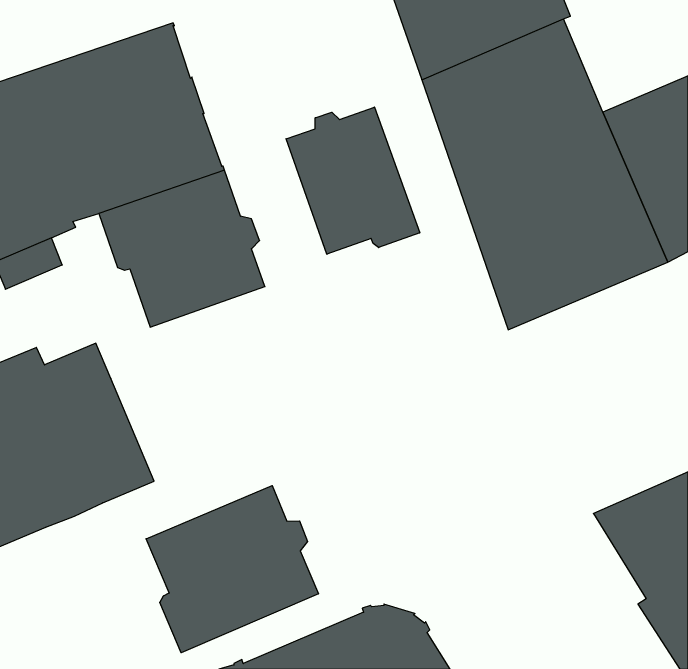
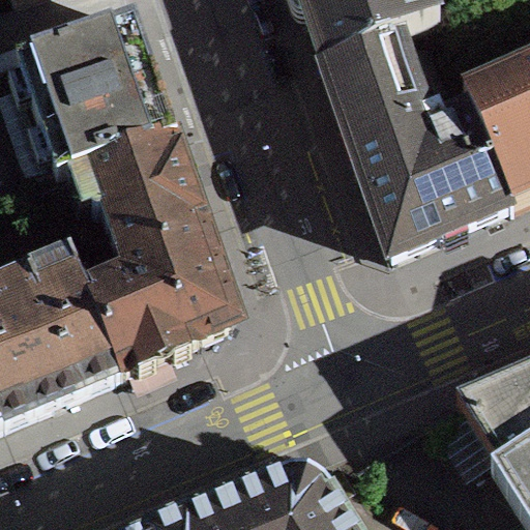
building: [286,107,420,254] -> none
building: none -> [85,219,233,369]
building: [146,486,318,653] -> none

